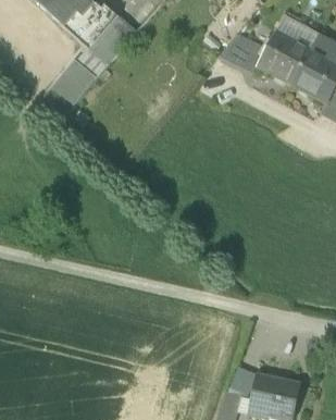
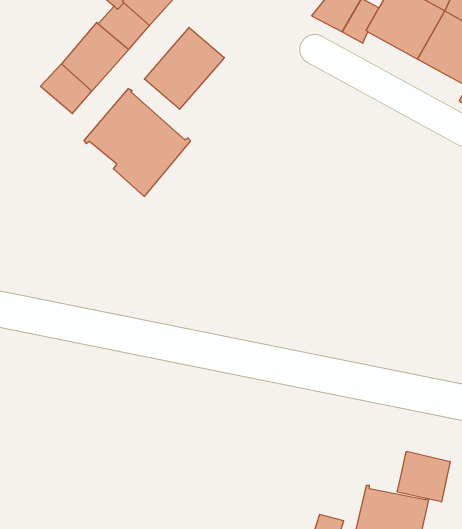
building: none -> [144,27,224,109]
building: none -> [84,89,190,196]
building: none -> [397,452,450,502]

